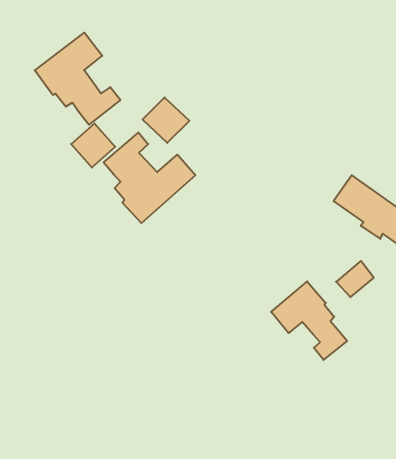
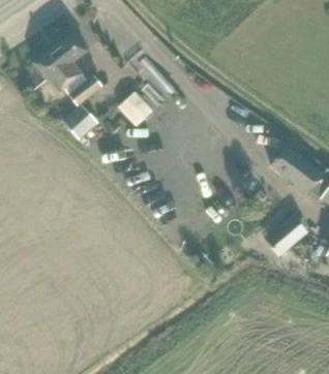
building: [104,132,195,223] -> none
building: [271,281,347,360] -> none

